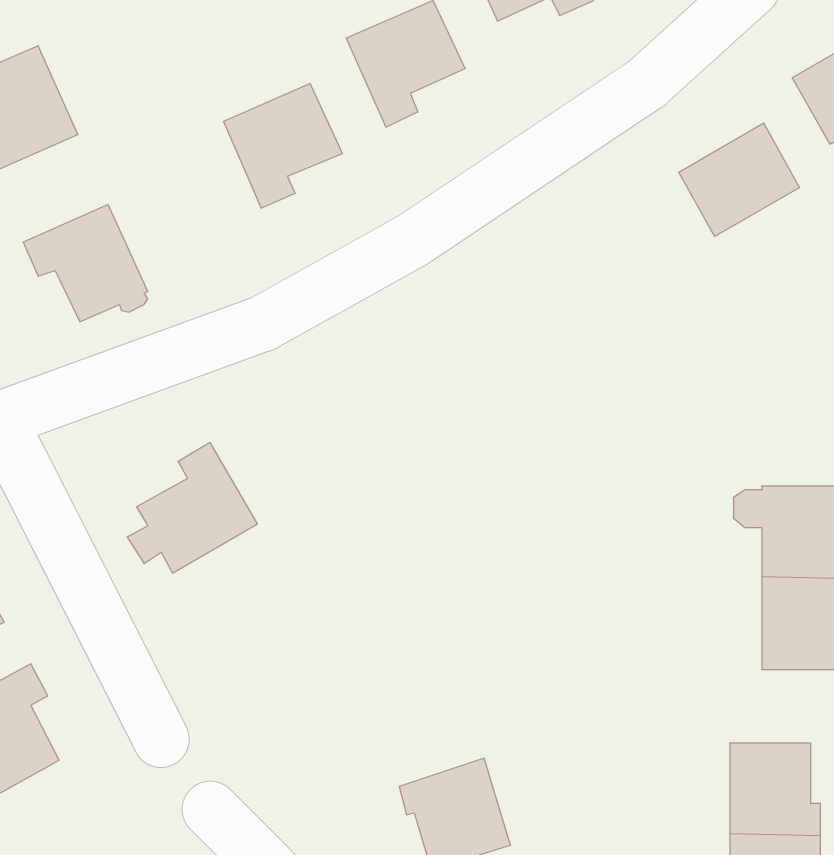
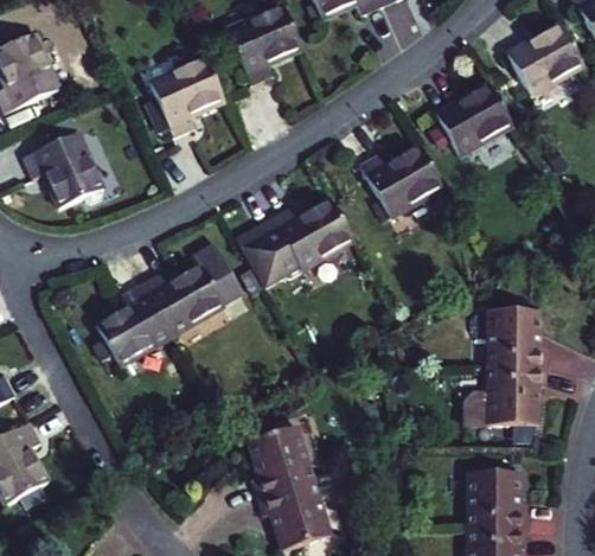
building: none -> [360,143,443,216]
building: none -> [236,198,353,289]
building: none -> [142,263,232,333]
building: none -> [248,424,314,498]

